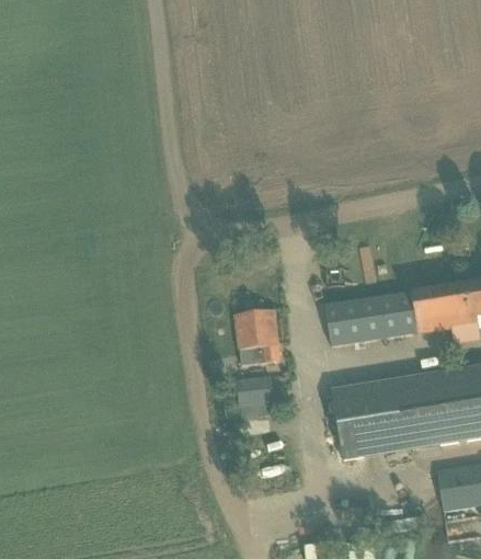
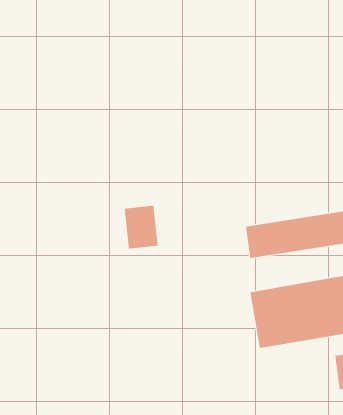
building: [236,309,279,365] -> [124,205,158,249]
building: [236,375,274,419] -> none

